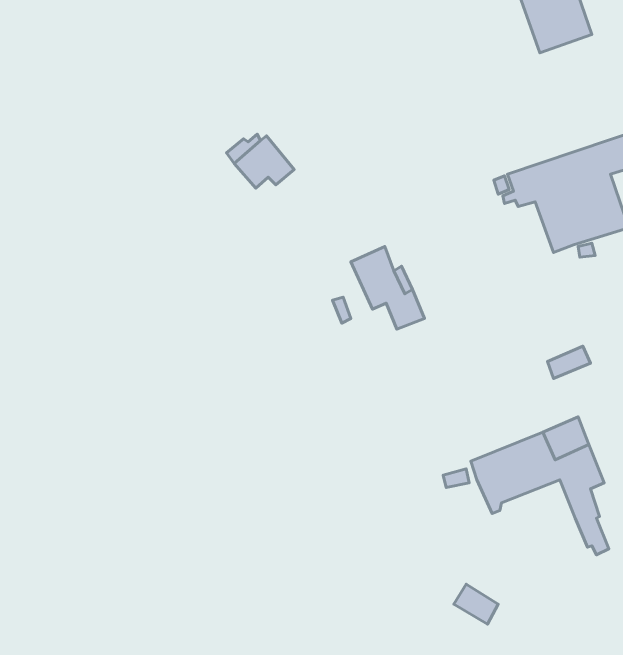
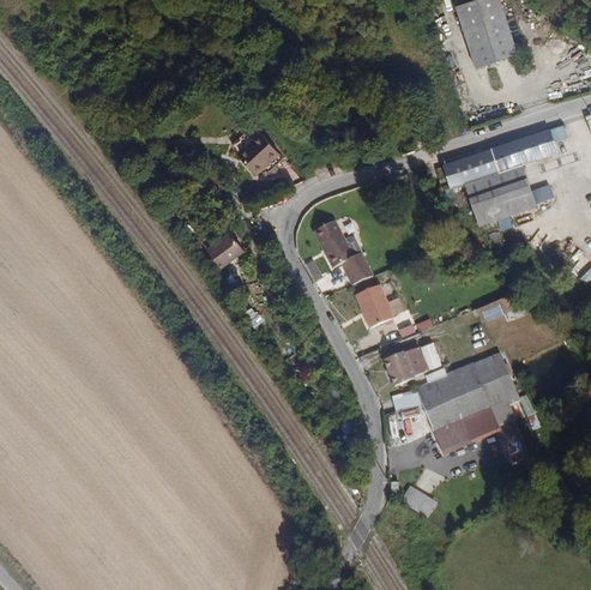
building: none -> [209,234,242,265]
building: none -> [363,284,402,327]
building: none -> [388,349,430,386]
building: none -> [433,402,497,453]

